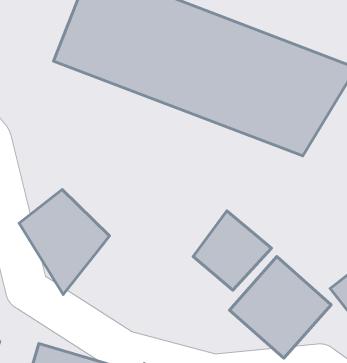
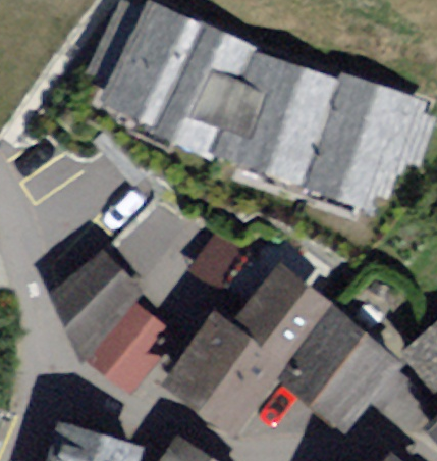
building: none -> [87,310,171,402]
building: none -> [163,318,284,441]

